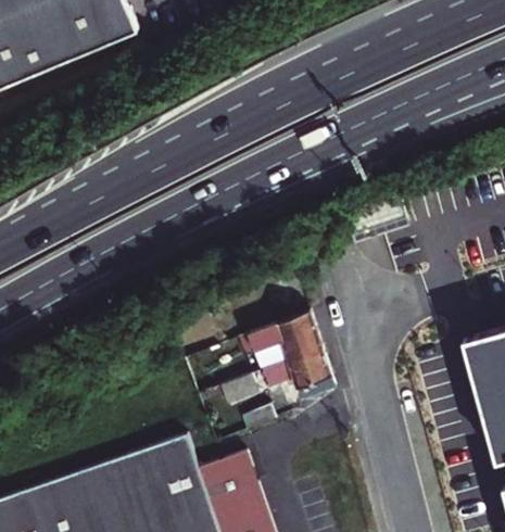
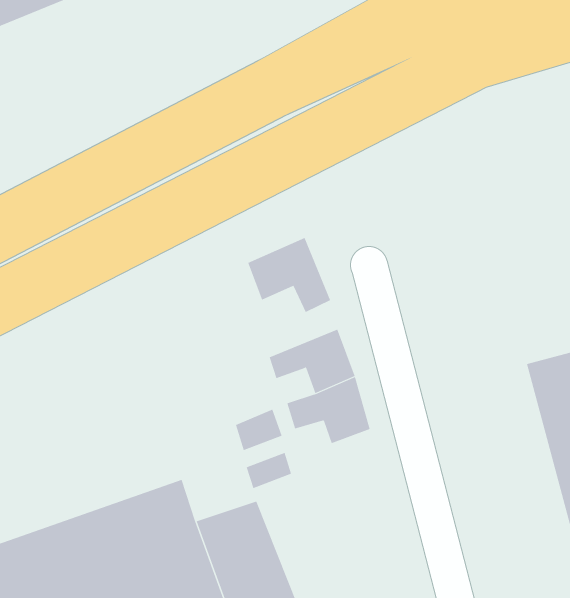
building: none -> [247,237,331,313]

